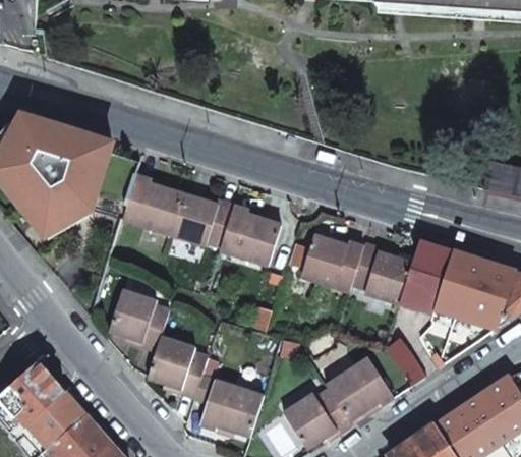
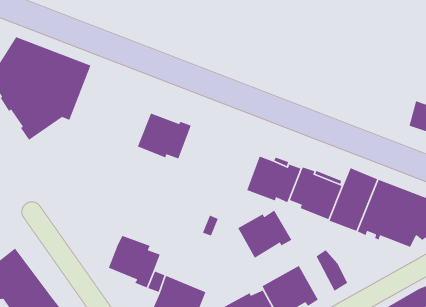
building: [121,173,183,233] -> none
building: [219,204,280,264] -> none
building: [108,289,169,349] -> none
building: none -> [237,210,293,259]

